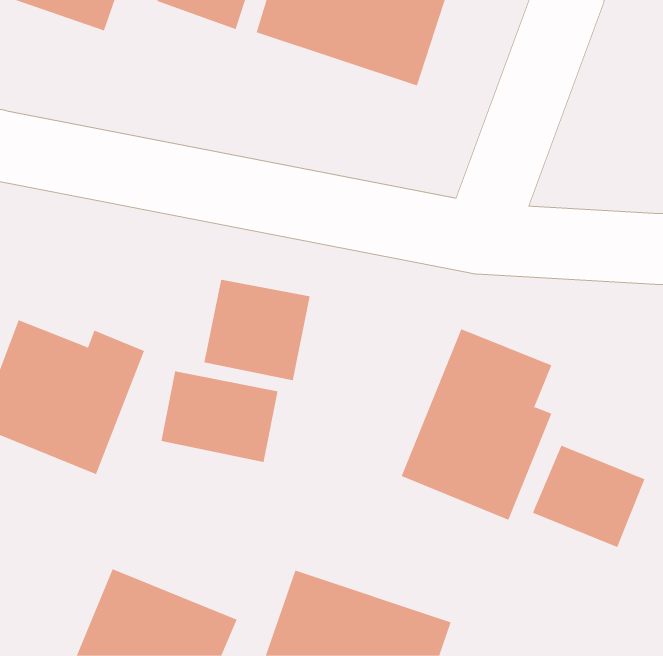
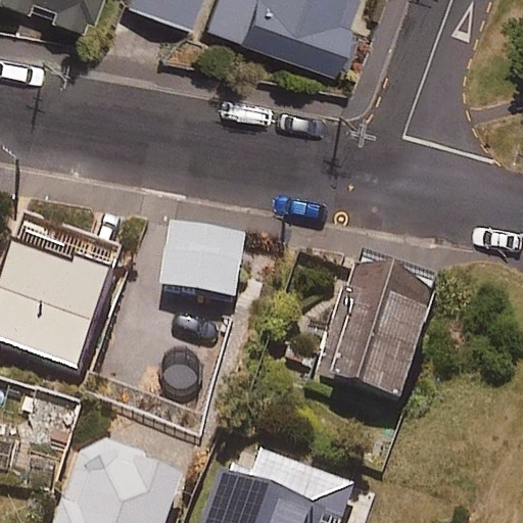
building: [161,370,278,463] -> none
building: [532,445,645,548] -> none

